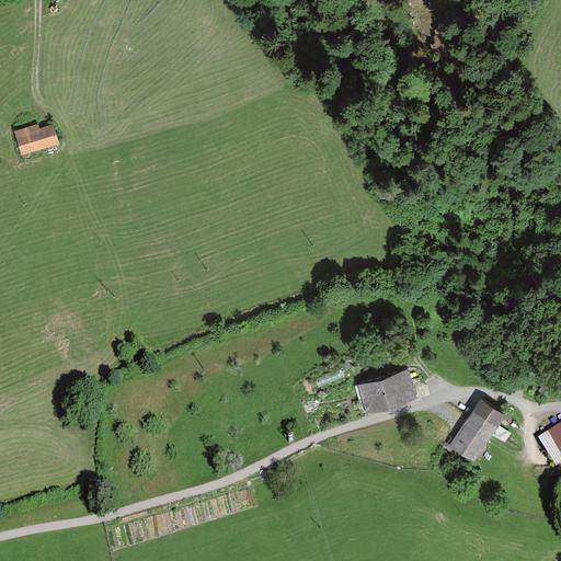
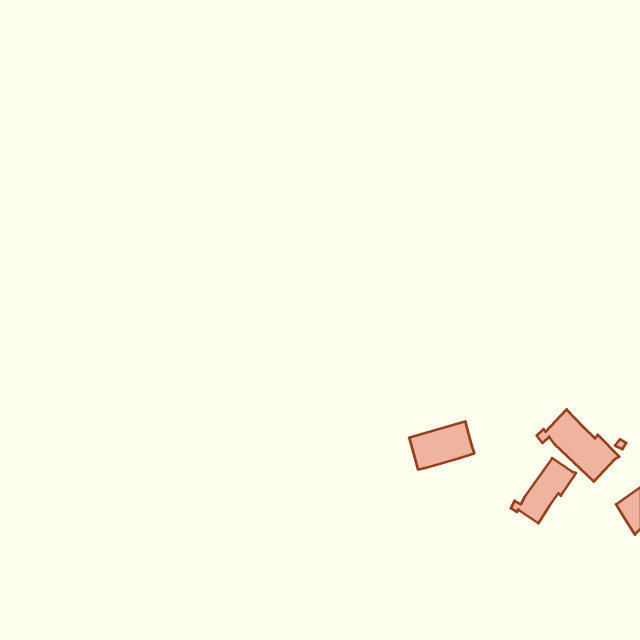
building: [14,125,58,152] -> none
building: none -> [537,409,619,482]

